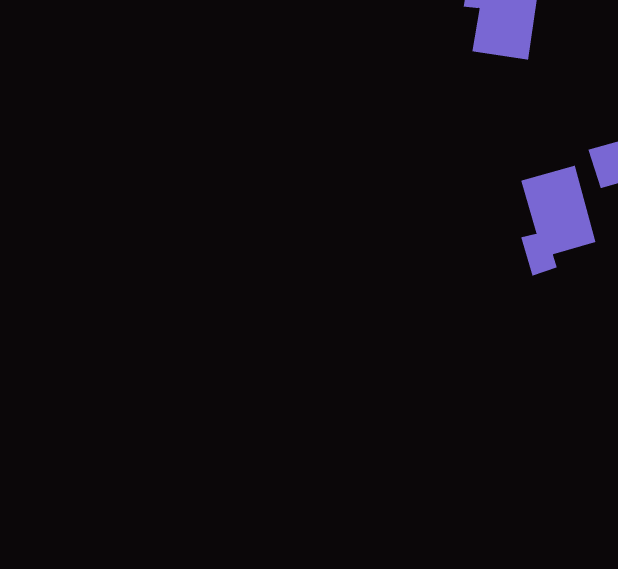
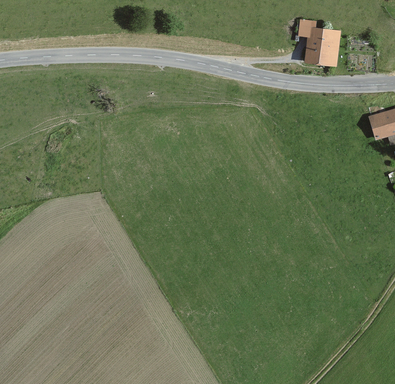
building: [520,165,596,277] -> none

